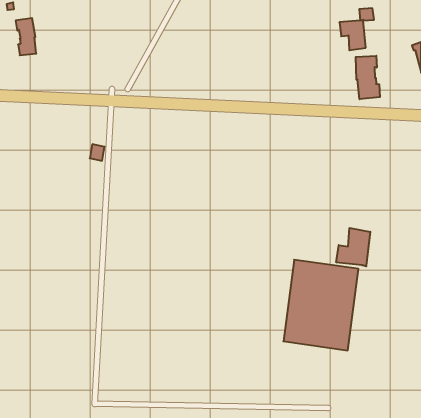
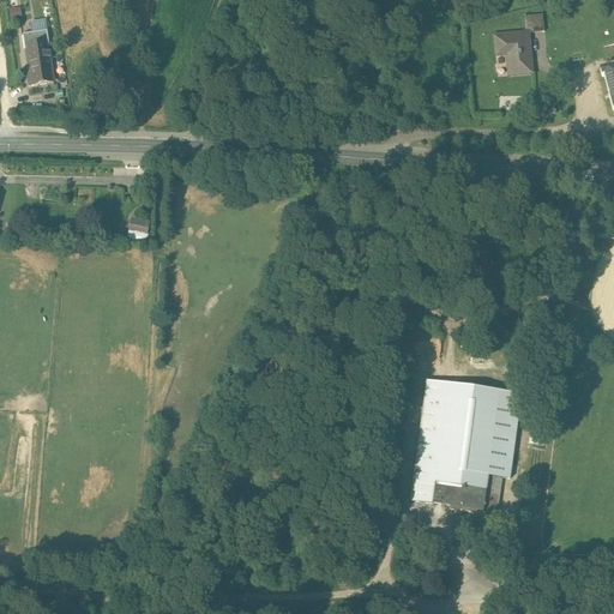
building: [356,56,380,99] -> none
building: [336,228,370,266] -> none

